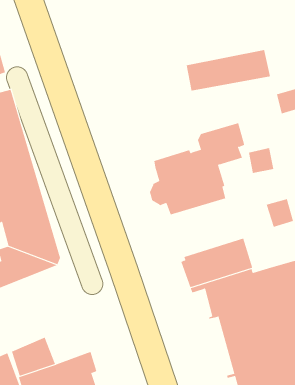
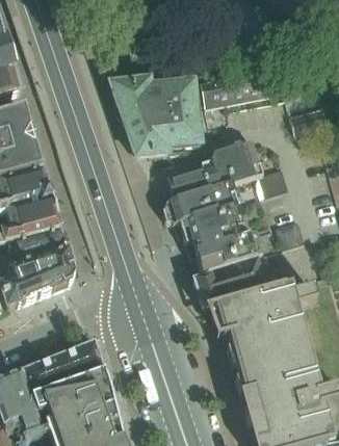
building: none -> [112,79,199,155]
building: none -> [182,215,261,273]
building: none -> [57,339,102,381]

